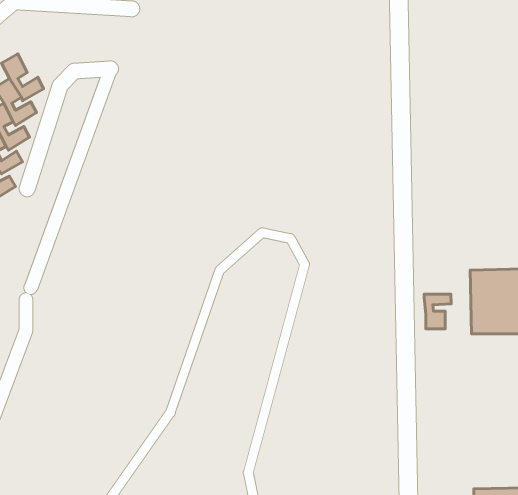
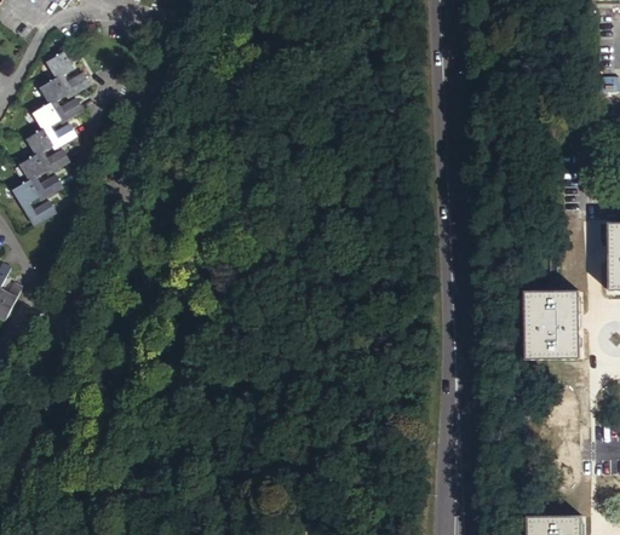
building: none -> [47,47,91,96]
building: [424,294,451,329] -> none

